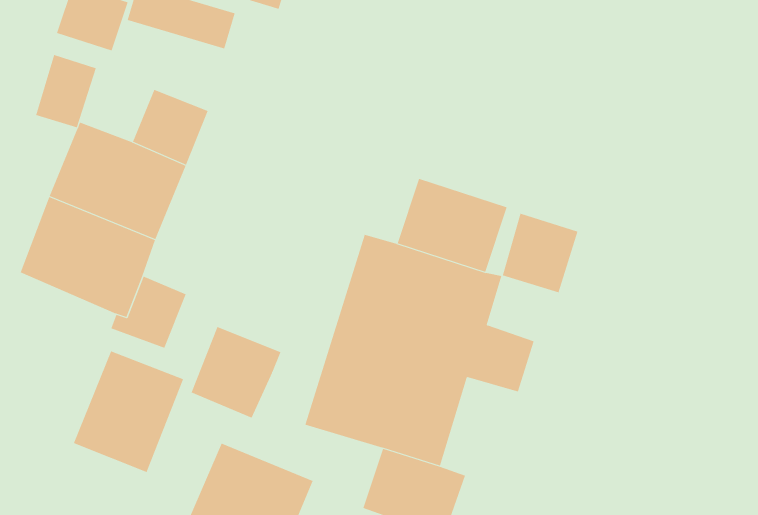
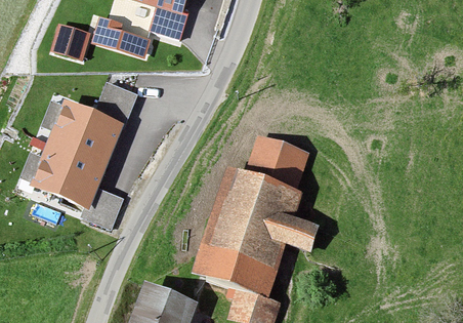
building: [35,54,97,128] -> none
building: [502,213,578,293] -> none
building: [191,326,281,418] -> none
building: [73,351,184,473] -> none

